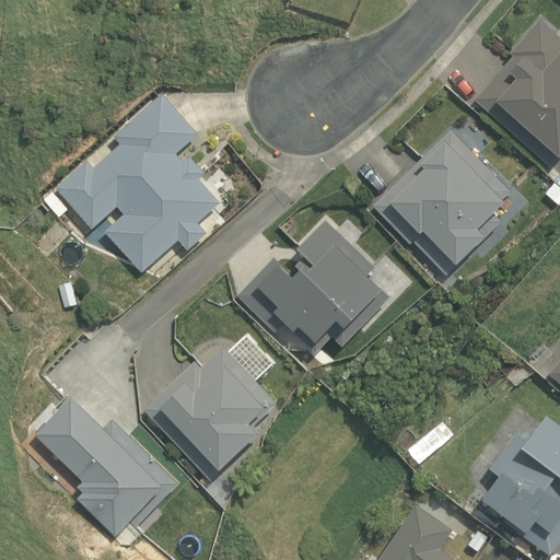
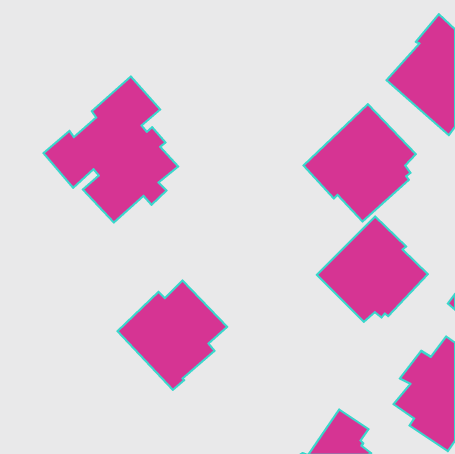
building: [237,220,389,351] -> none
building: none -> [317,217,428,322]
building: [33,398,177,538] -> none

